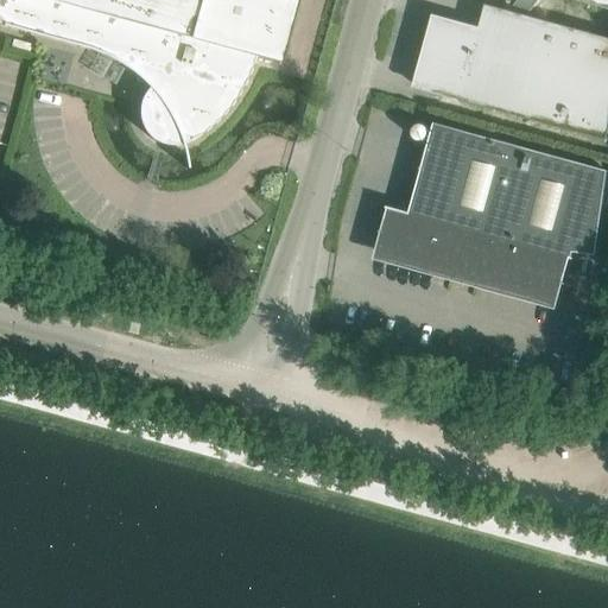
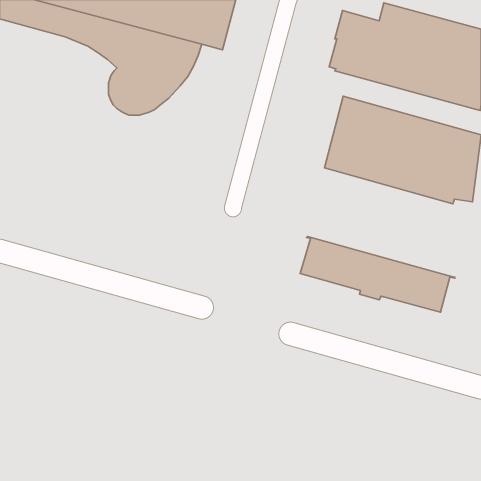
building: [376,205,571,300] -> [300,237,455,312]

